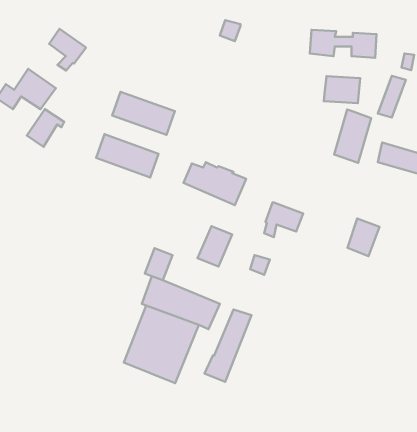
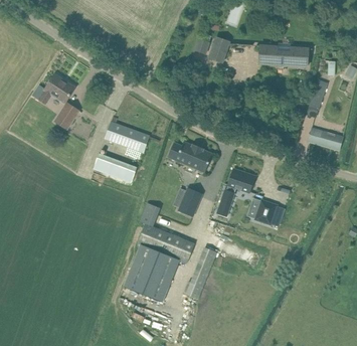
building: none -> [207,35,229,62]
building: [49,29,86,71] -> none
building: [324,76,360,103] -> none
building: [112,92,175,135] -> [92,152,137,183]
building: [334,109,371,163] -> none
building: [348,218,379,256] -> [253,198,277,225]

